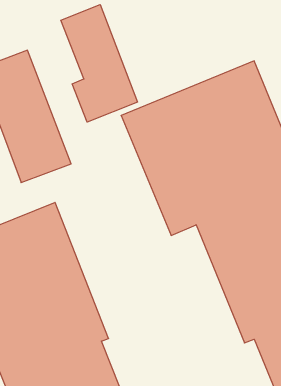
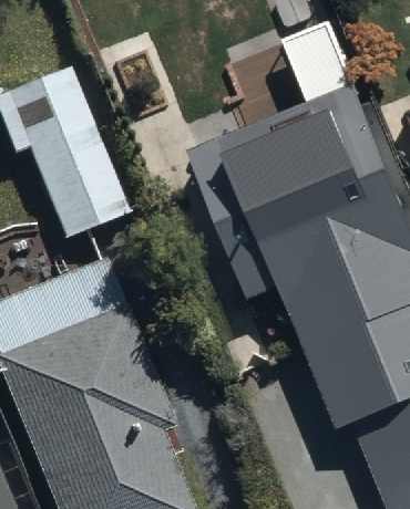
building: [61,5,138,122] -> none

